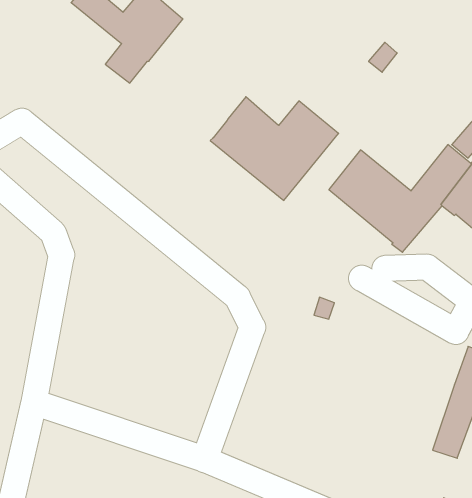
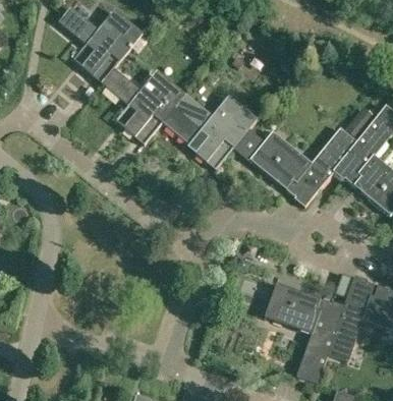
building: none -> [102,65,188,142]
building: none -> [265,284,344,385]

